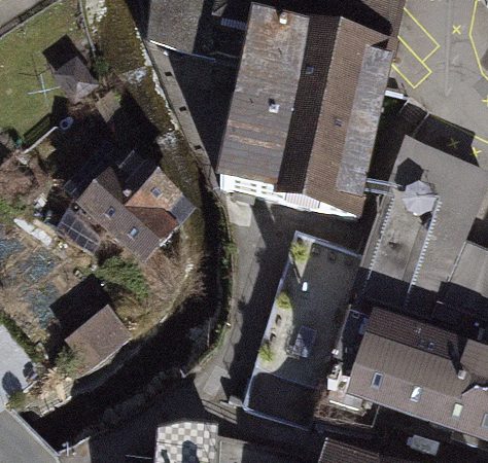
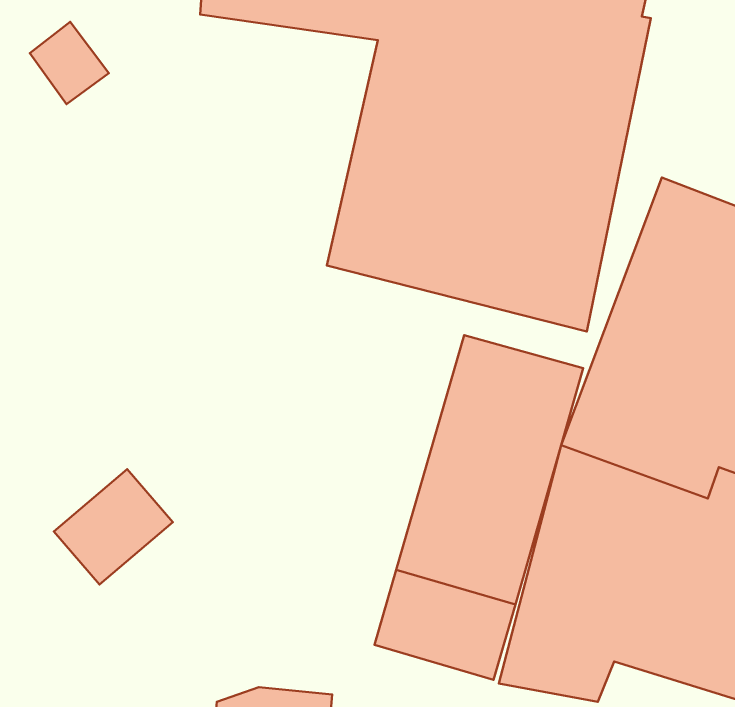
building: [81,150,191,259] -> none

